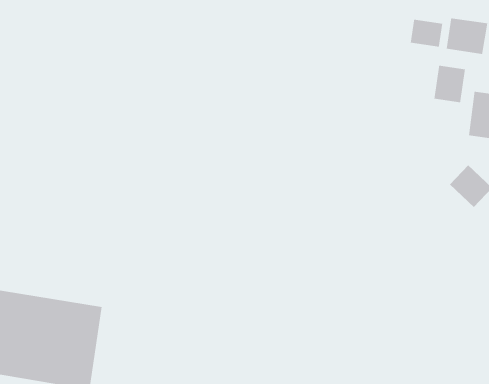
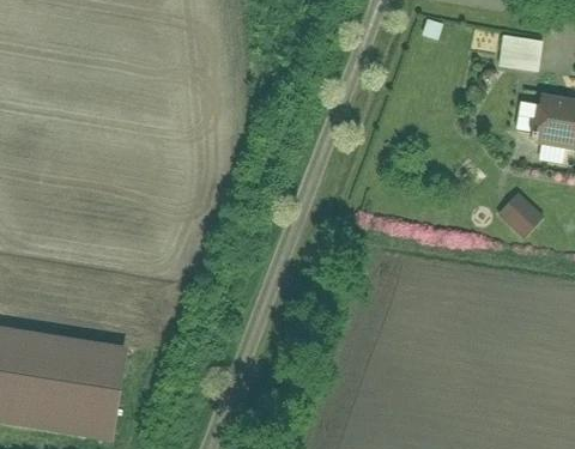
building: [410,19,443,47] -> none
building: [434,65,466,103] -> none

